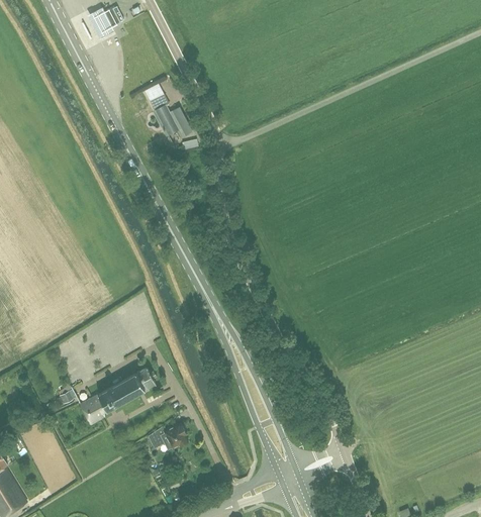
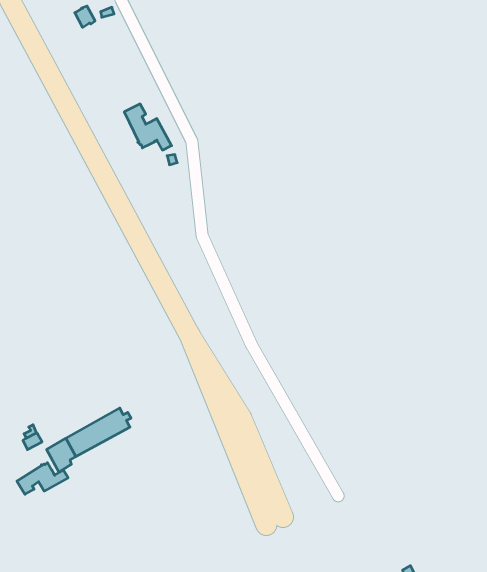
building: none -> [17,463,68,494]
building: [148,426,187,450] -> none

